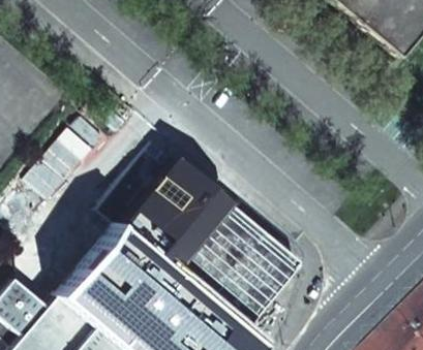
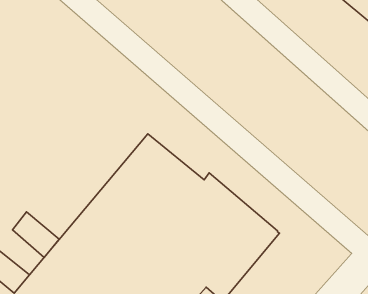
building: none -> [13,212,59,257]

